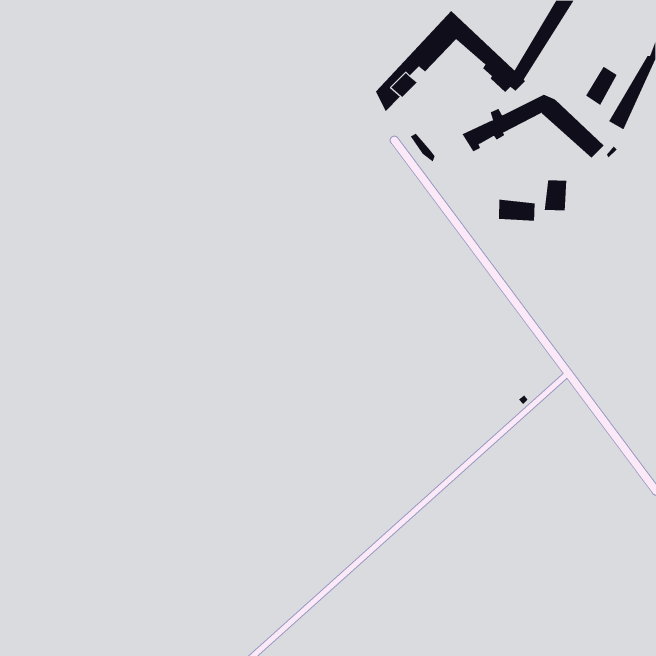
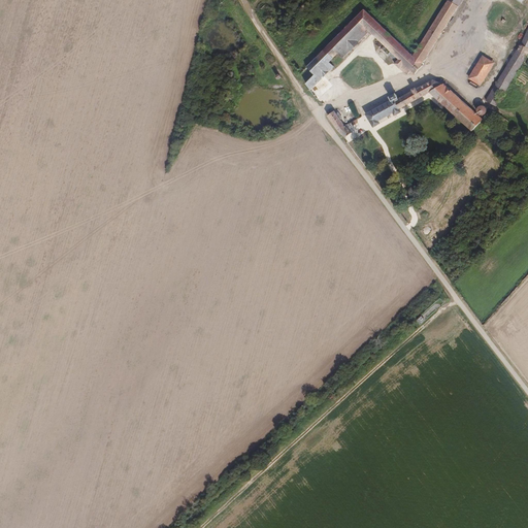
building: [544,179,567,211] -> none
building: [498,199,535,221] -> none

